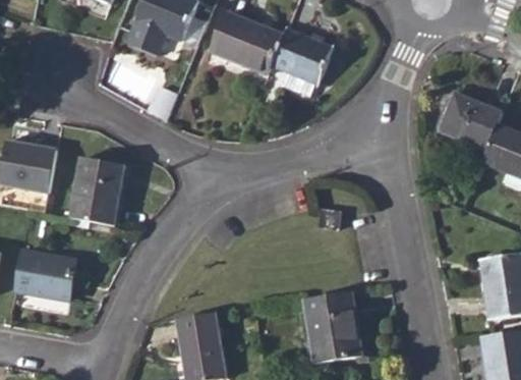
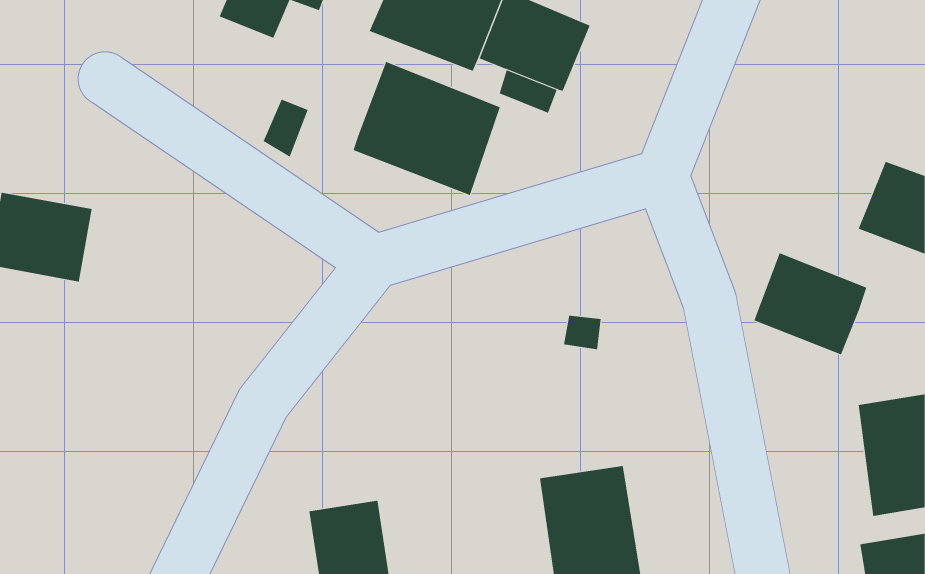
building: none -> [353,61,501,196]
building: [438,92,501,149] -> [754,253,867,355]
building: [71,156,123,224] -> none
building: [14,251,76,301] -> none

